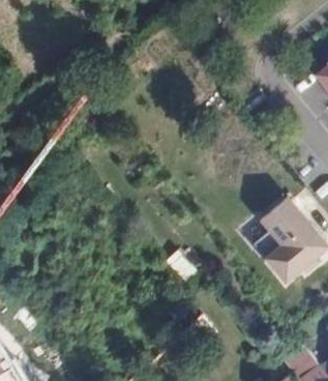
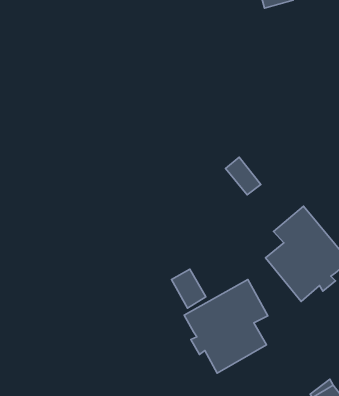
building: none -> [184,279,268,373]

